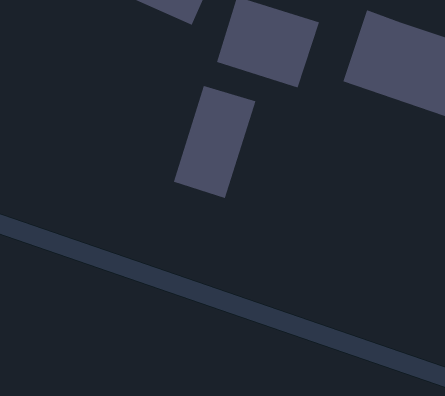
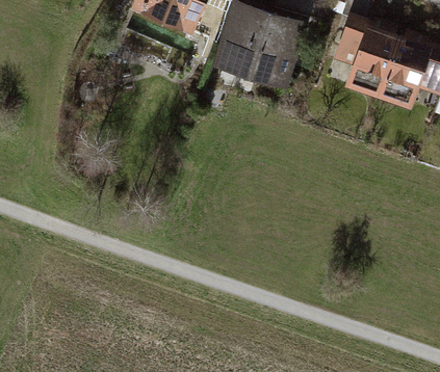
building: [173,85,256,199] -> none

